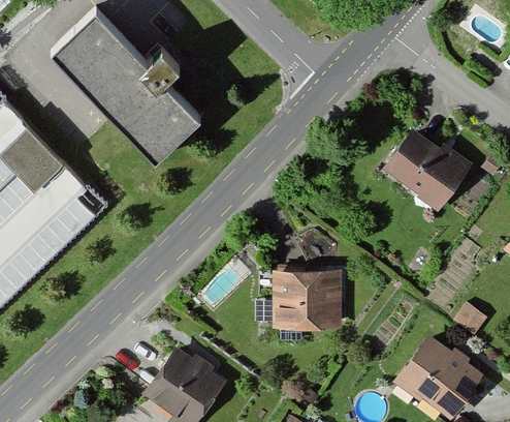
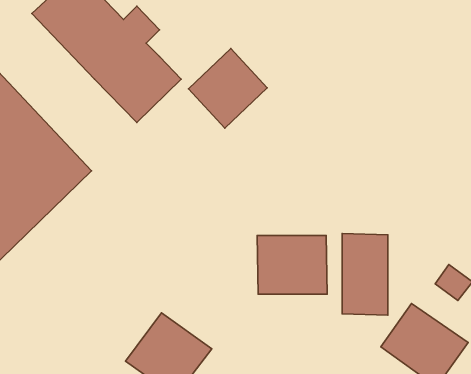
building: none -> [189,49,267,128]
building: [384,125,475,211] -> none
building: none -> [342,234,388,315]

